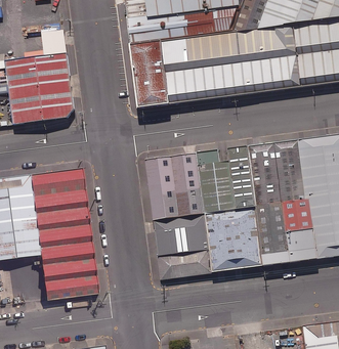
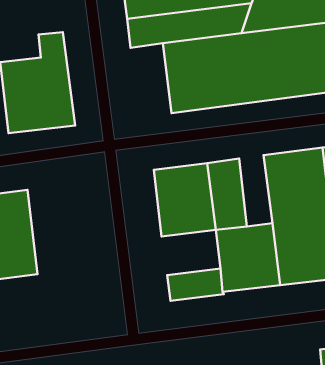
building: [126,41,164,110] -> none
building: [228,144,255,207] -> none
building: [31,170,100,297] -> none
building: [155,213,209,255] -> none

